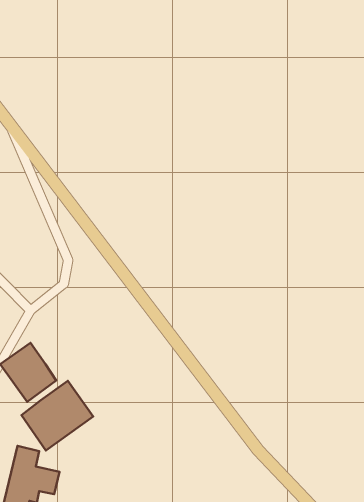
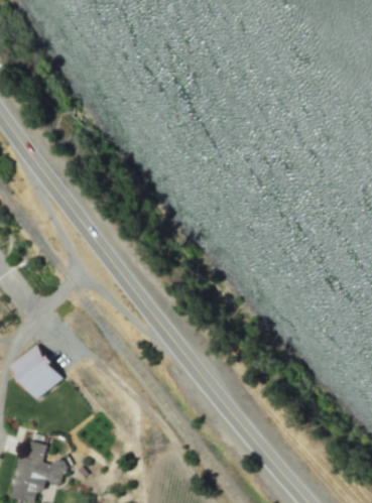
building: [22,381,93,450] -> none

